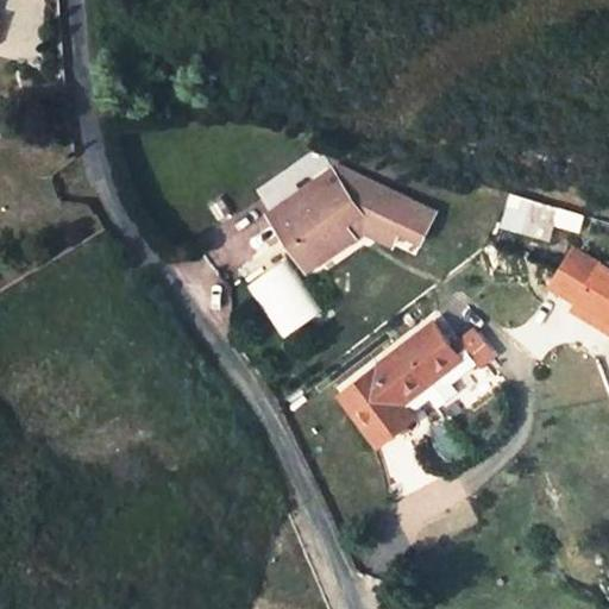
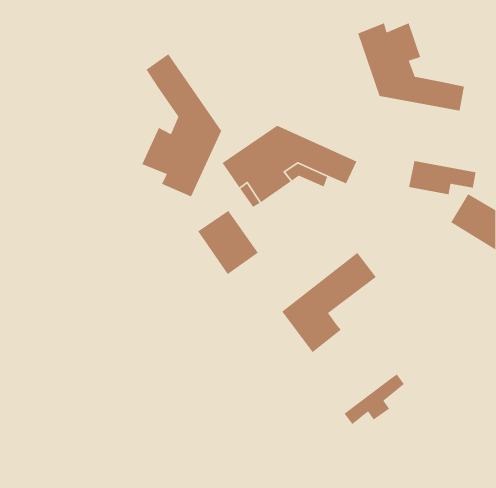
building: none -> [357,22,465,112]
building: none -> [141,53,222,198]
building: [401,346,476,409] -> [343,374,405,425]

